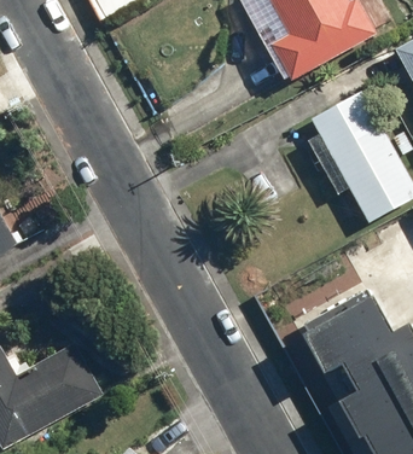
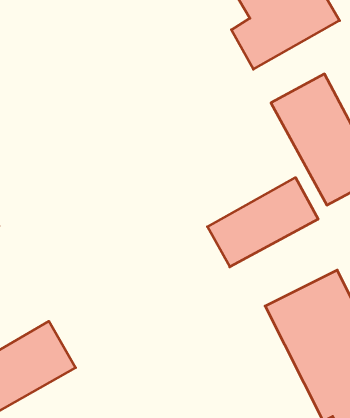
building: none -> [207,178,318,267]

